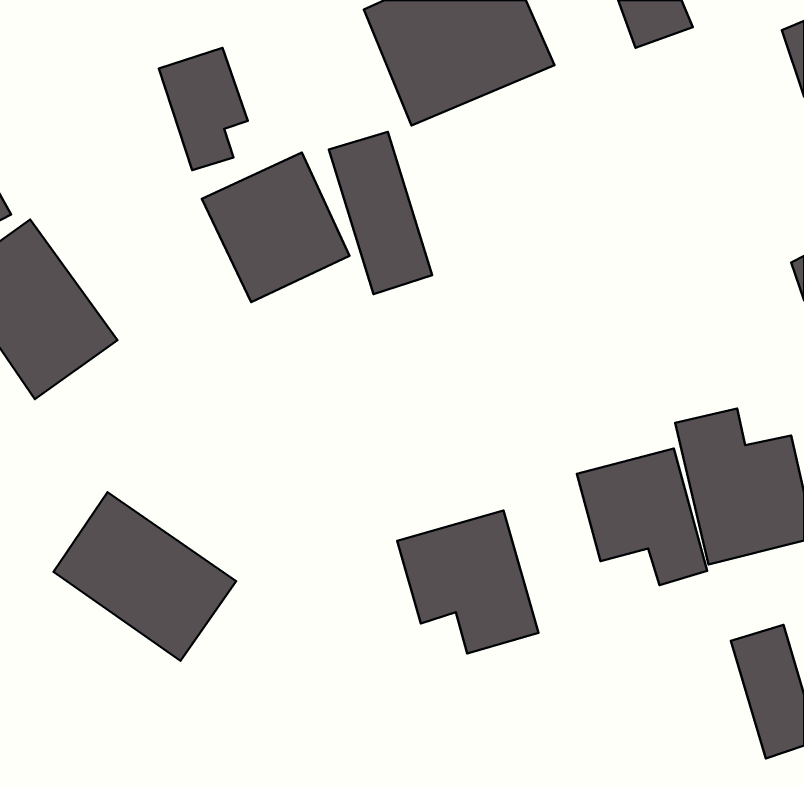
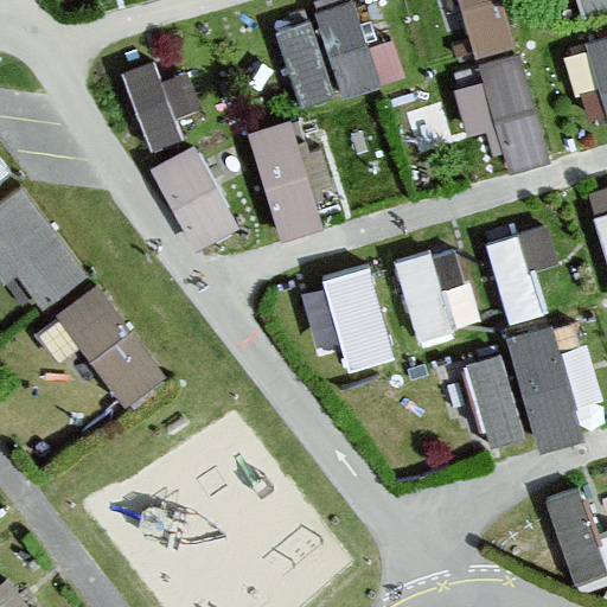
building: none -> [452,58,550,168]
building: none -> [486,222,574,319]
building: none -> [392,249,481,338]
building: [53,492,236,661] -> [38,285,174,410]
building: [397,510,539,654] -> [290,263,396,370]

